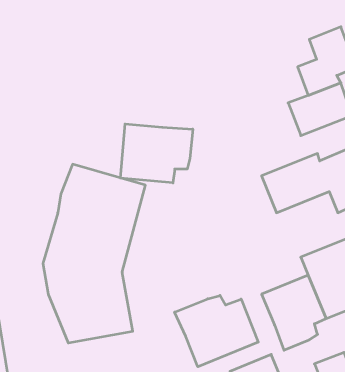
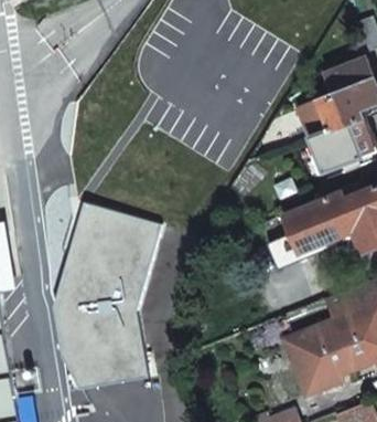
building: [120,124,193,183] -> none
building: [175,295,258,367] -> none

